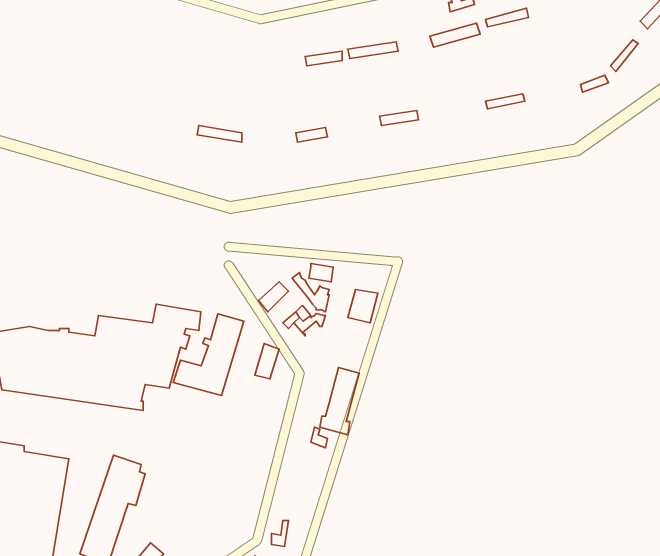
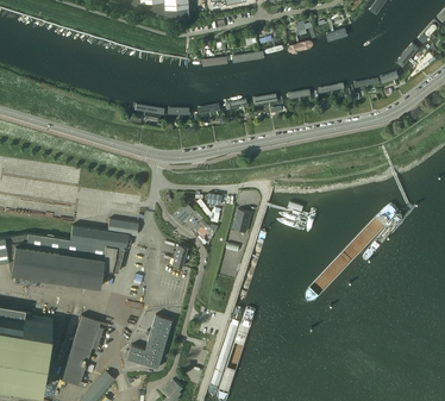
building: [173,314,244,396] -> [126,317,171,369]

